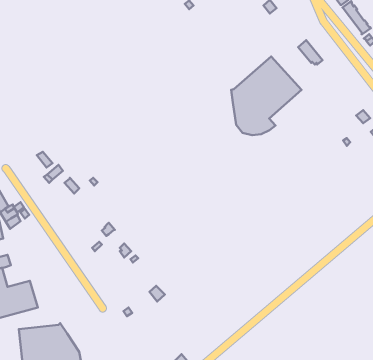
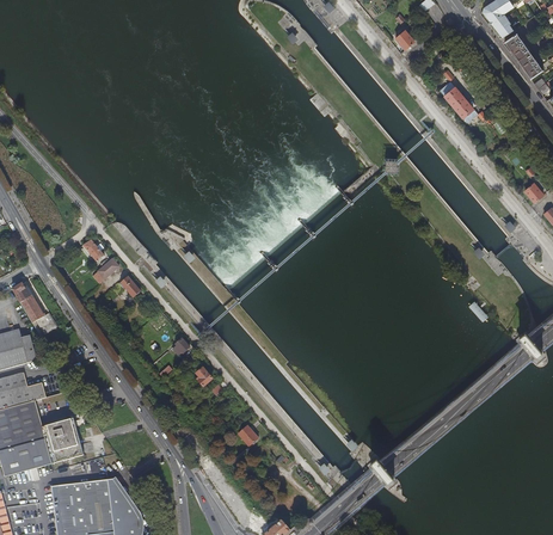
building: [231,56,301,135] -> none

